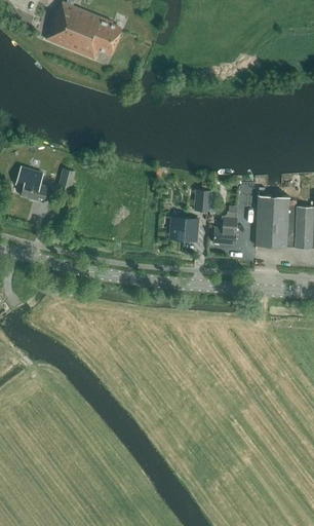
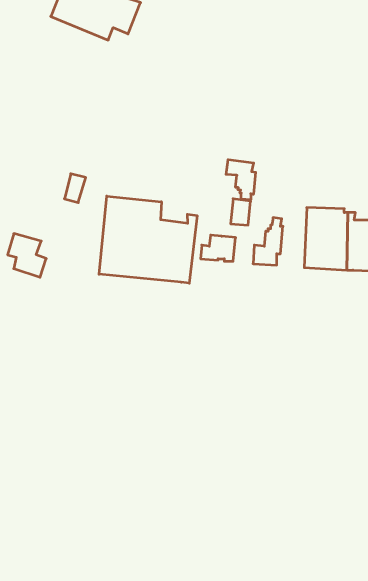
building: none -> [226,160,256,200]
building: [16,166,48,202] -> [8,234,46,277]
building: none -> [99,196,197,283]

